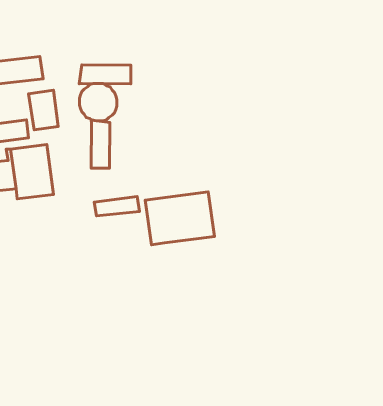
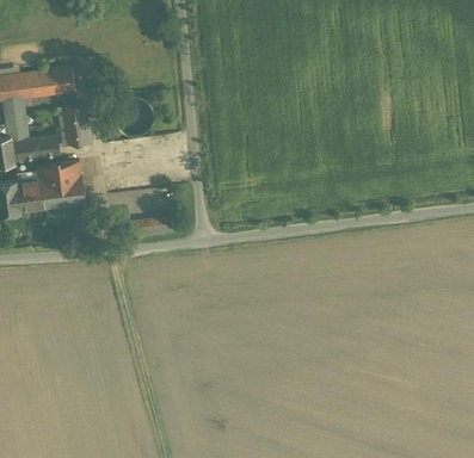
building: [79,65,131,84] -> none
building: [91,120,110,168] -> none
building: [145,192,215,245] -> none

